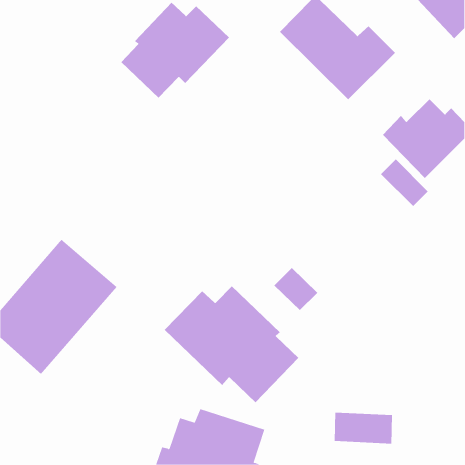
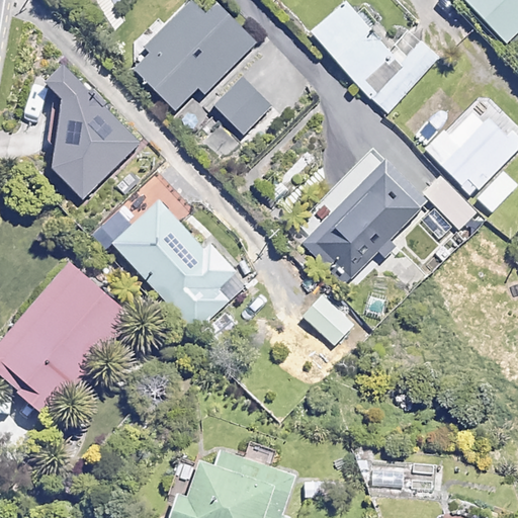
building: none -> [46,67,141,199]
building: none -> [214,77,271,134]
building: none -> [291,148,425,283]
building: none -> [110,199,237,331]
building: [164,286,299,403] -> none

